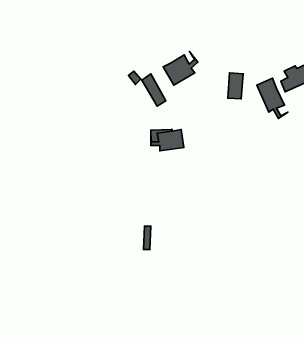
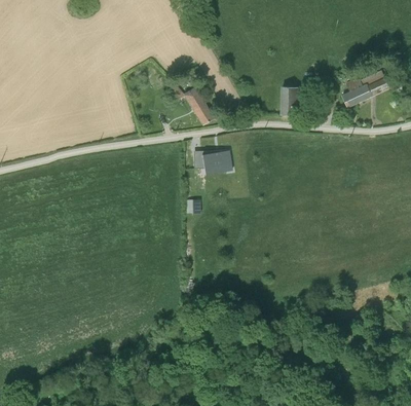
building: [163,51,198,85] -> none
building: [257,78,288,119] -> none

